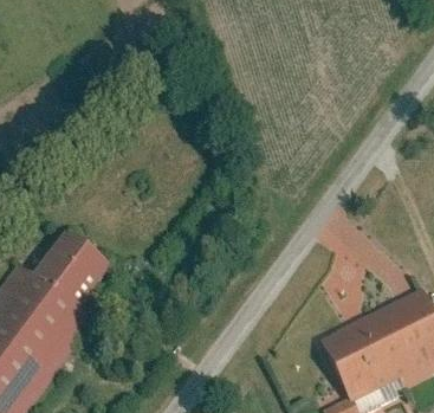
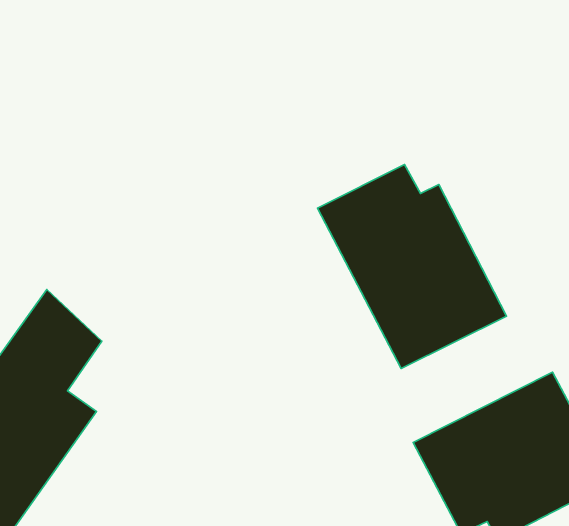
building: none -> [317,165,507,368]

